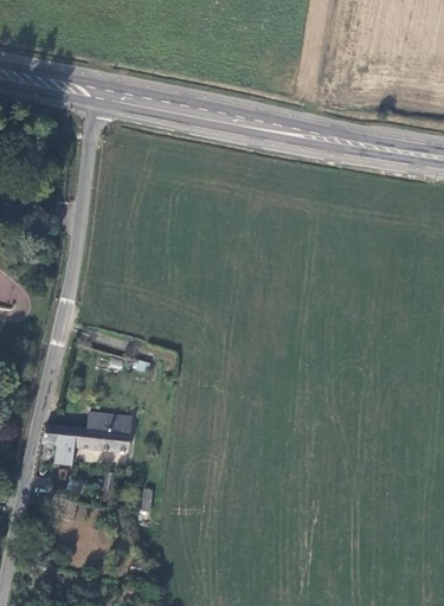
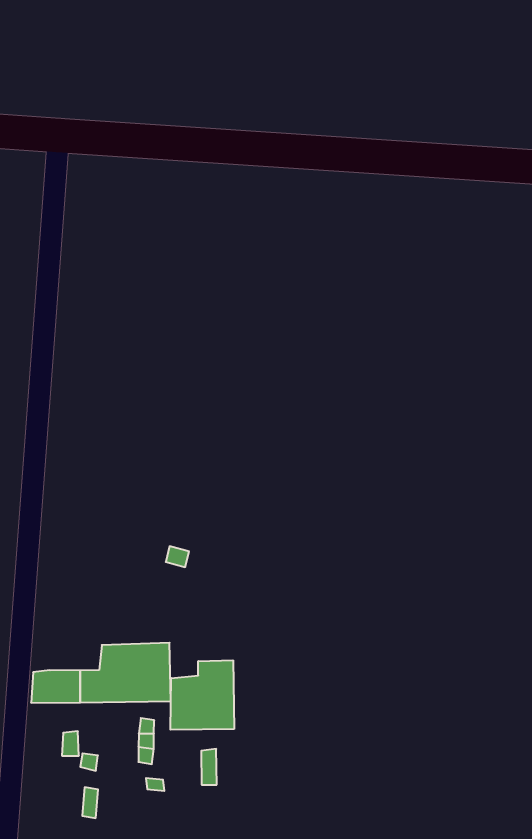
building: none -> [170,660,234,730]

